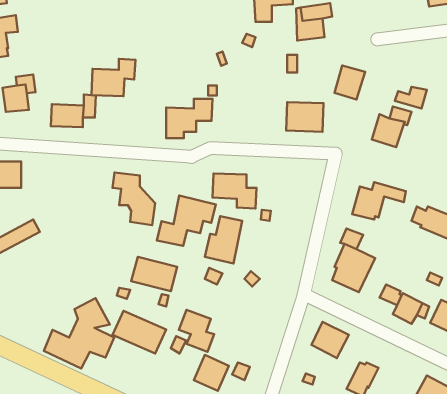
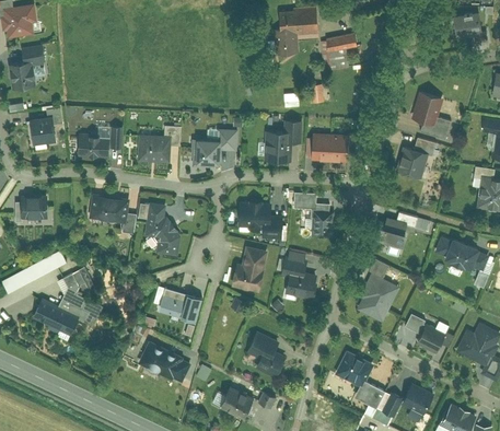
building: [91,59,135,96] -> [137,125,181,162]
building: [334,65,365,99] -> [411,91,442,125]
building: none -> [264,119,301,162]
building: none -> [293,193,330,237]
building: none -> [90,194,136,234]
building: [157,195,216,246] -> none
building: none -> [280,257,317,300]
building: [44,298,114,368] -> [32,267,102,337]
building: [179,310,214,352] -> [246,335,281,376]
building: none -> [353,381,384,418]
building: none -> [399,382,433,416]

